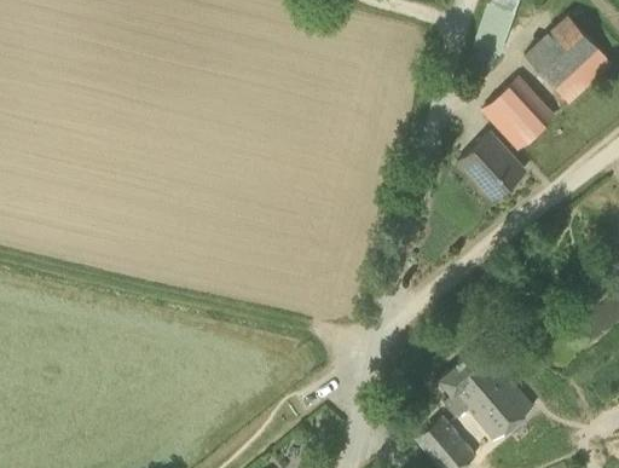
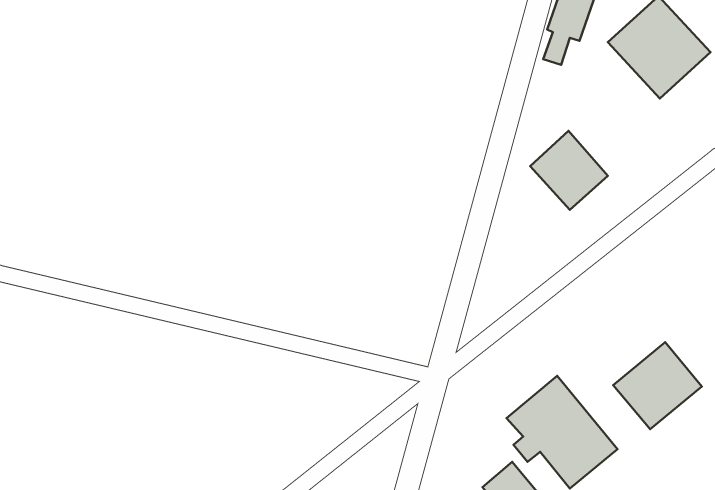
building: [482,80,554,151] -> none
building: none -> [613,342,702,429]

